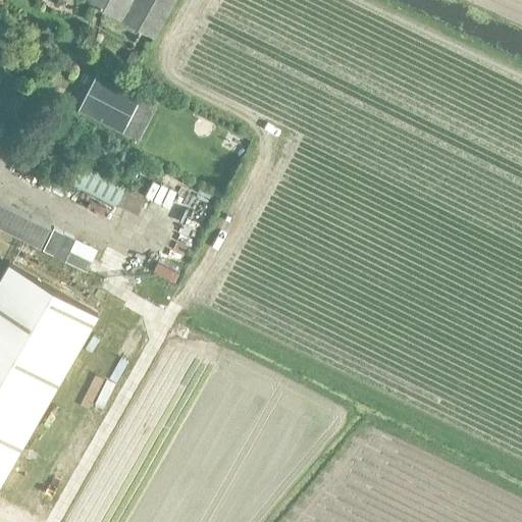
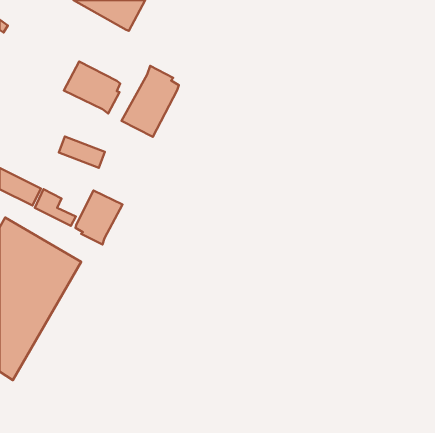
building: none -> [122,66,179,137]
building: none -> [76,190,122,245]

